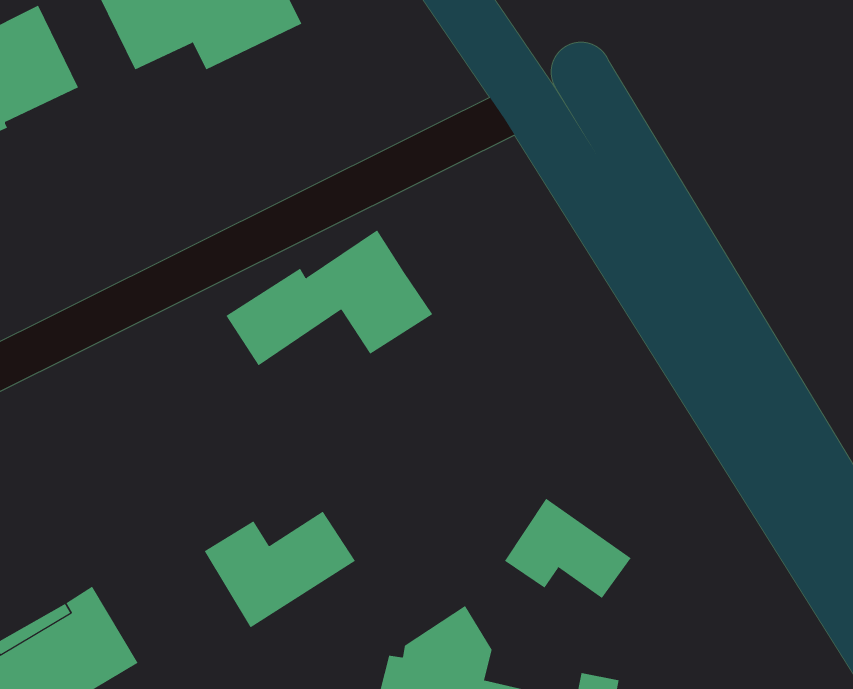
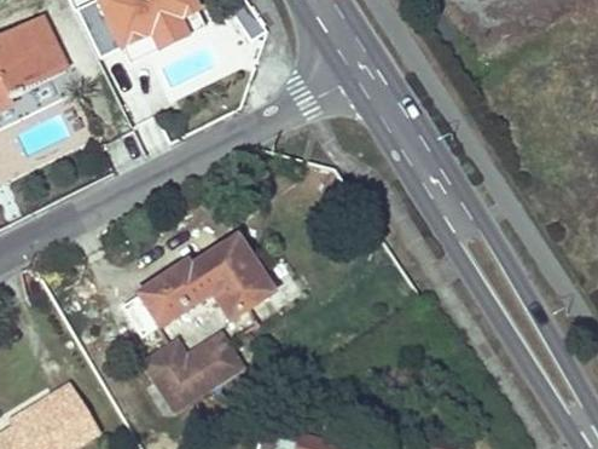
building: [225,229,433,366] -> [140,237,271,323]
building: [504,498,631,599] -> none

